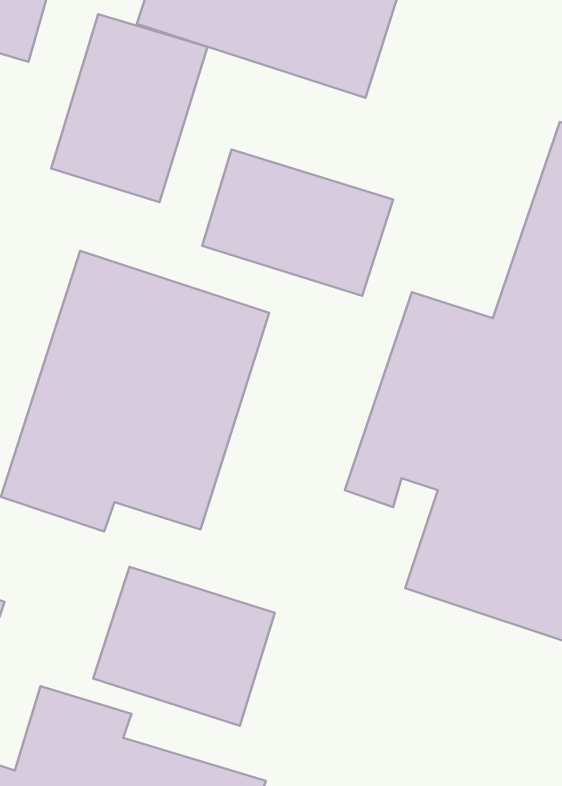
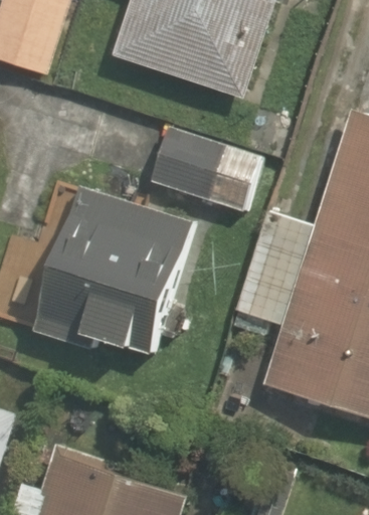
building: [51,14,207,202] -> none
building: [93,567,275,726] -> none

